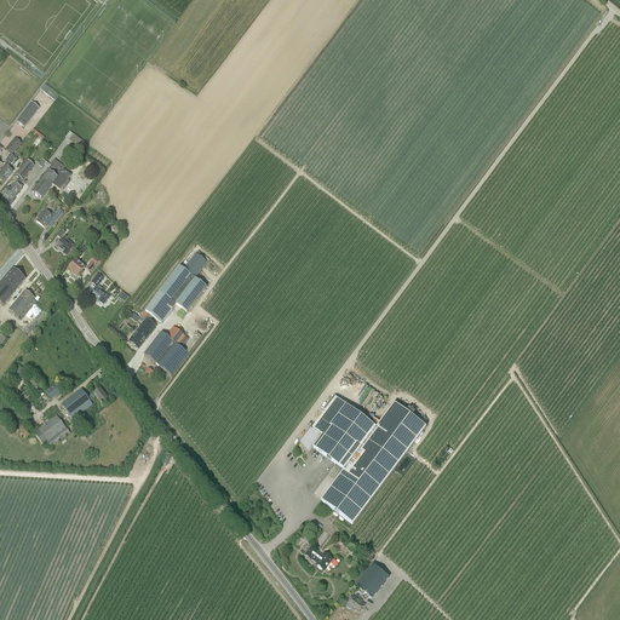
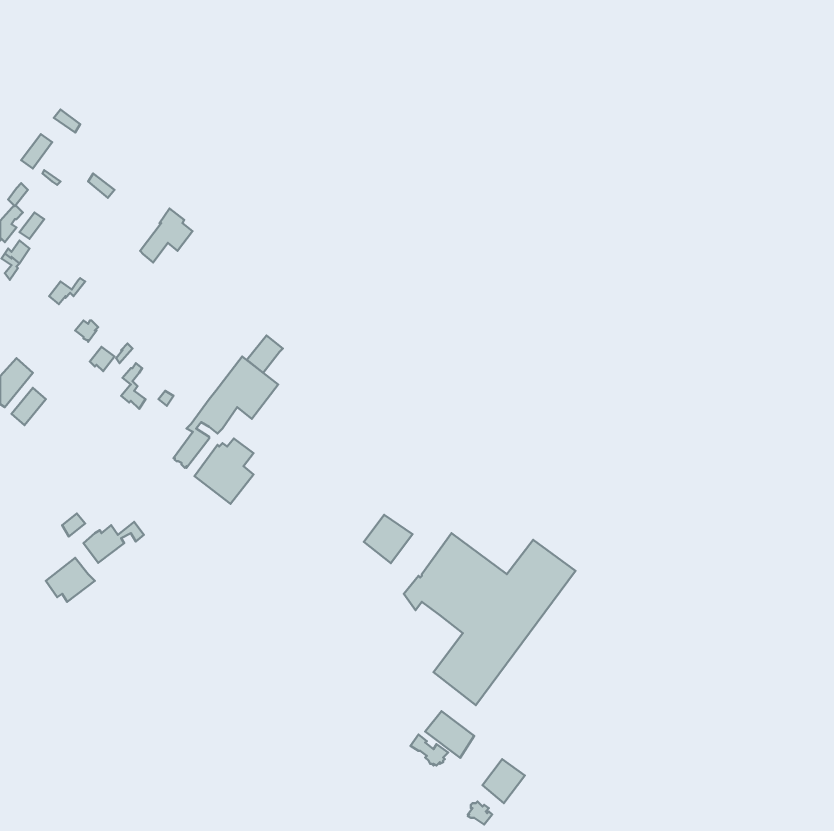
building: [33,156,71,196] -> [140,208,192,262]
building: none -> [364,515,413,563]
building: none -> [425,711,474,758]

